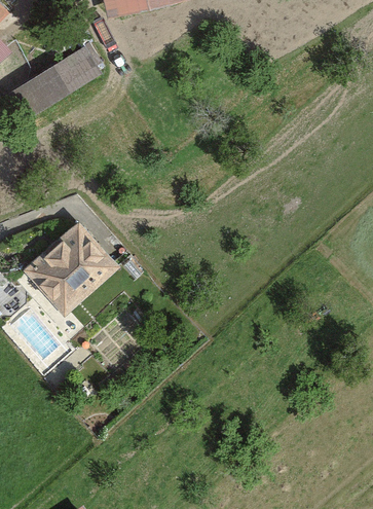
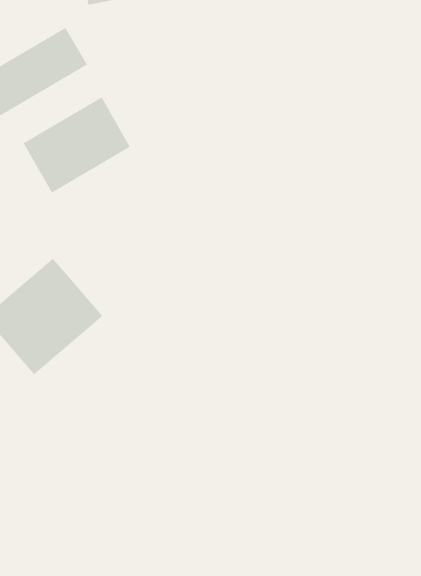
building: none -> [23,97,131,194]

